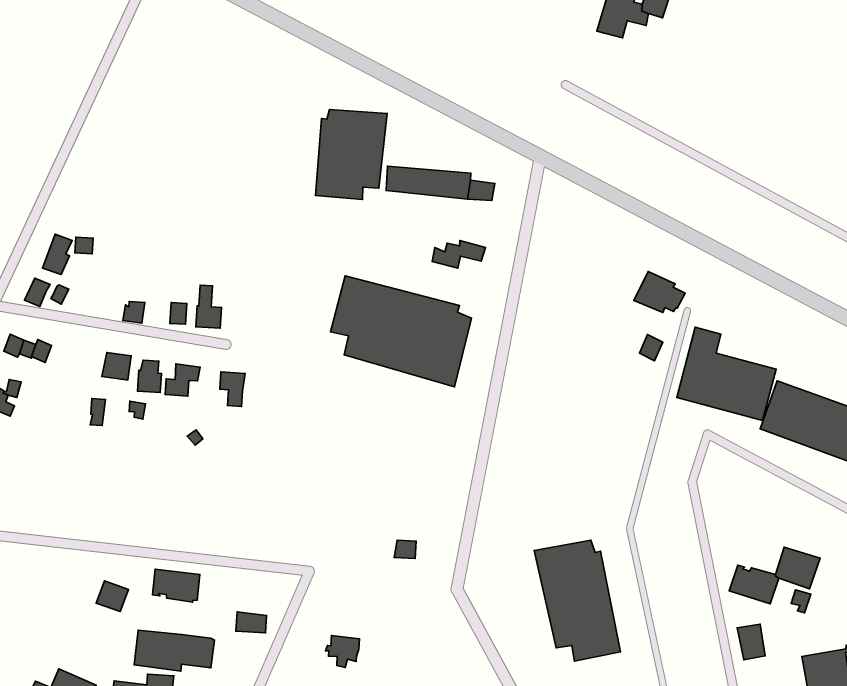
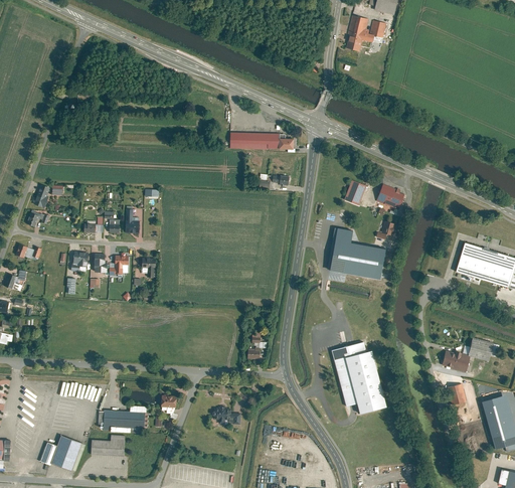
building: [315,109,387,199] -> none
building: none -> [343,180,367,205]
building: [330,276,471,387] -> none
building: [677,327,776,420] -> [330,228,386,280]
building: [152,569,200,602] -> none

